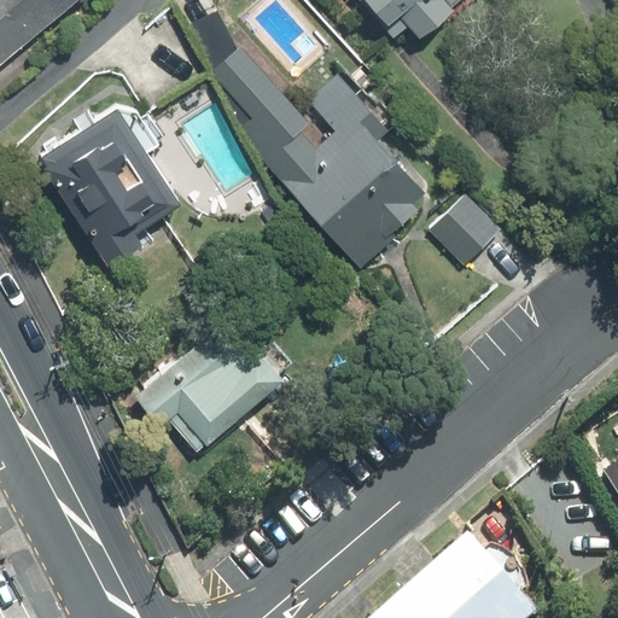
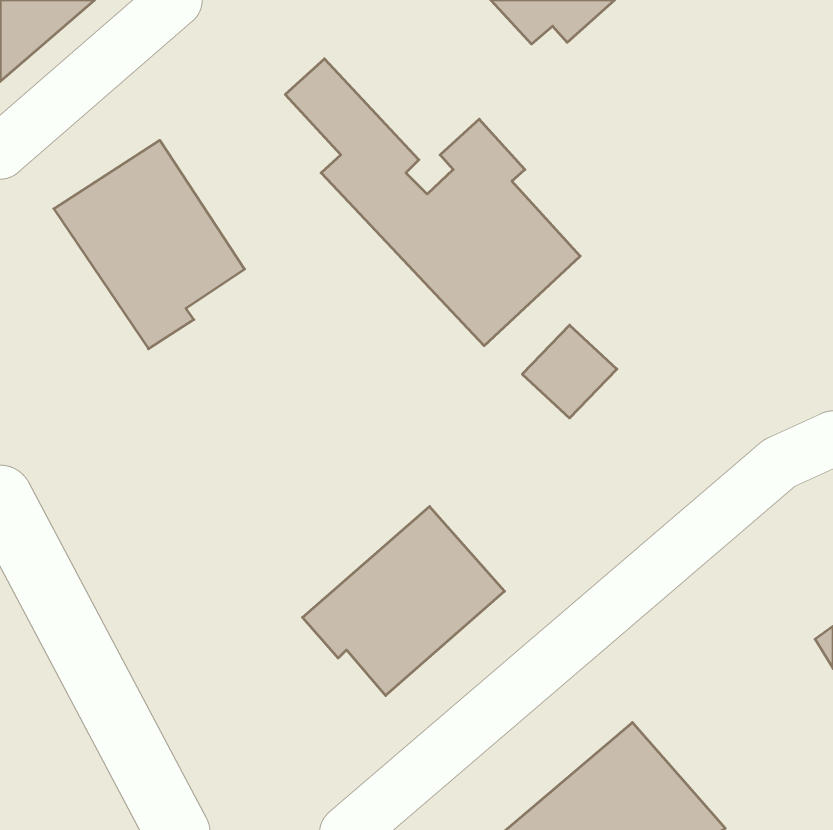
building: [430,198,500,267] -> [522,325,617,418]
building: [135,311,285,451] -> [302,506,505,696]

